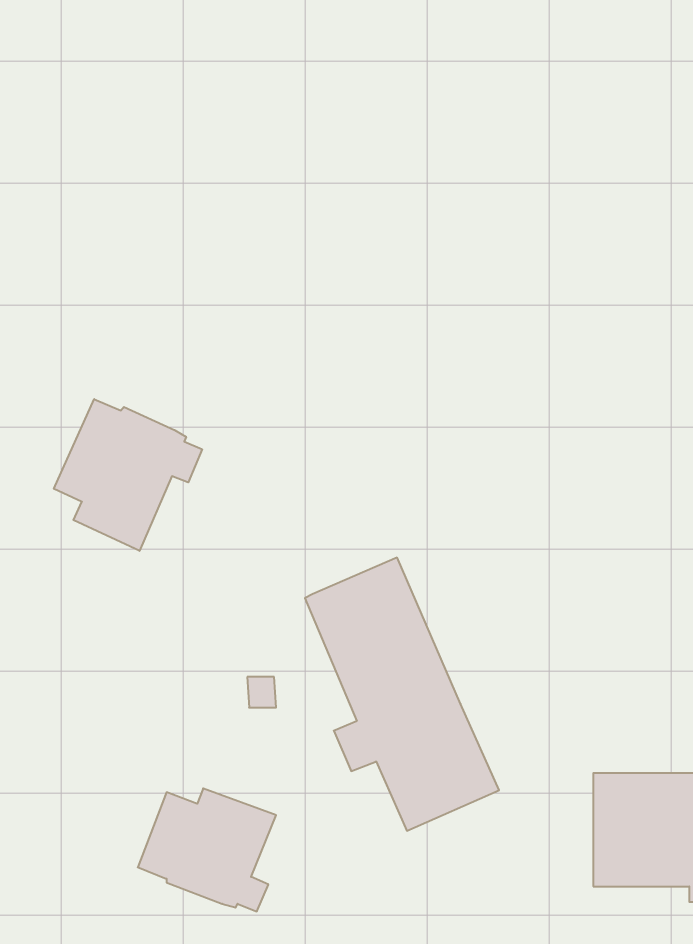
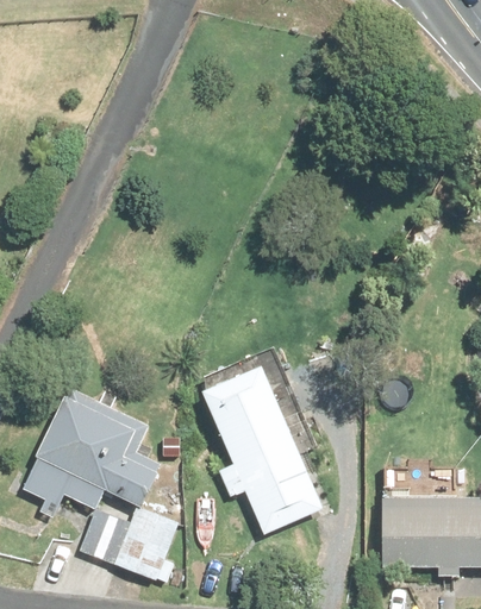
building: [54,399,202,551] -> none
building: none -> [24,385,160,516]

